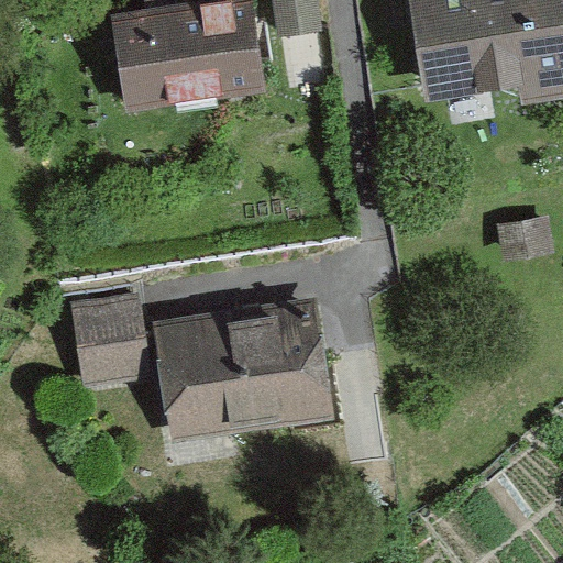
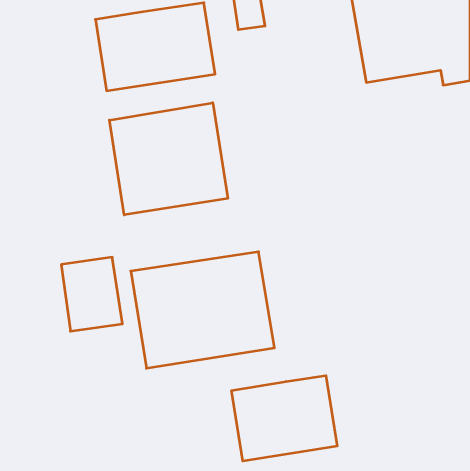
building: none -> [109,103,228,215]
building: none -> [232,376,337,461]

